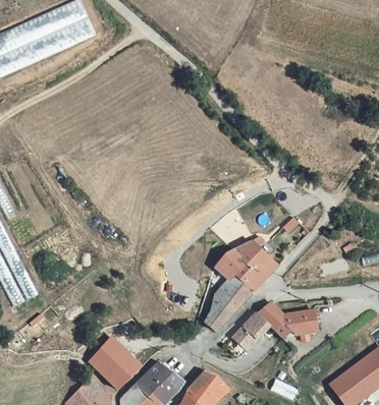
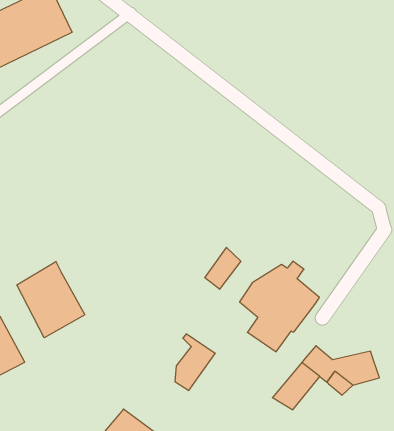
building: none -> [17,261,85,338]
building: none -> [205,247,241,289]
building: [203,286,236,331] -> [175,334,215,391]

